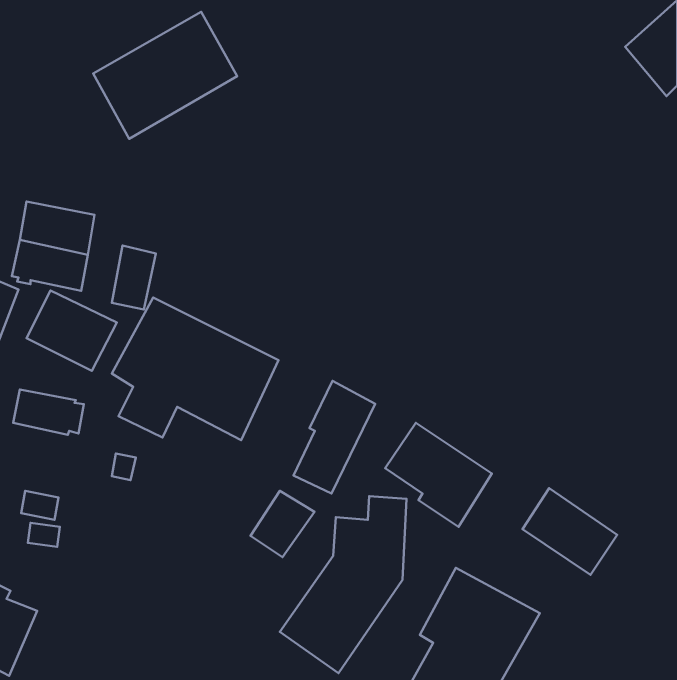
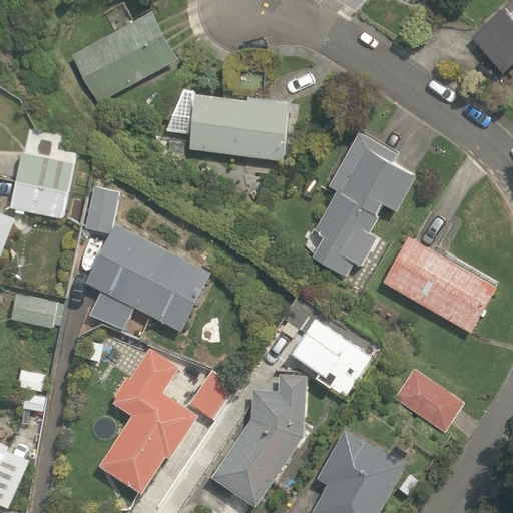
building: none -> [188,92,289,161]
building: none -> [312,130,416,277]
building: [27,291,117,371] -> none
building: none -> [382,235,495,333]
building: [293,381,375,494] -> none
building: none -> [98,348,197,494]

